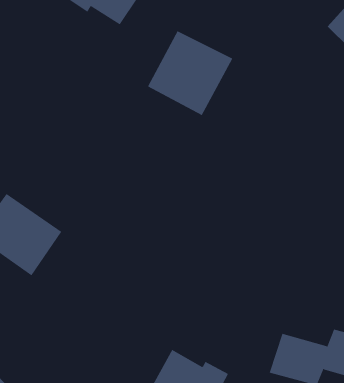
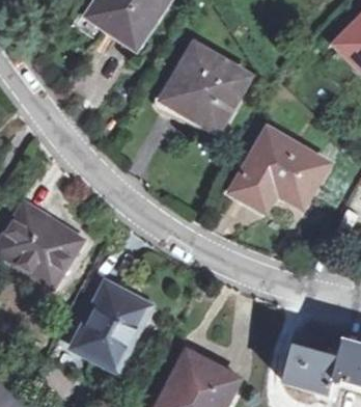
building: none -> [231,130,325,208]
building: none -> [71,282,146,362]

